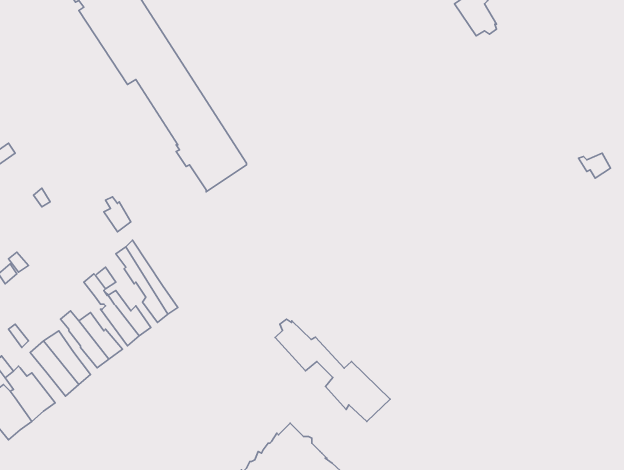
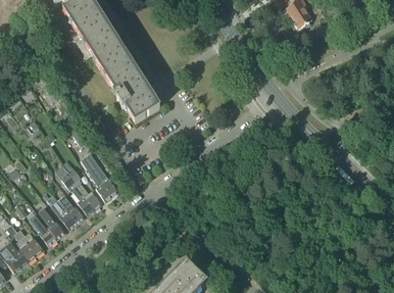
building: [275,319,390,421] -> none

